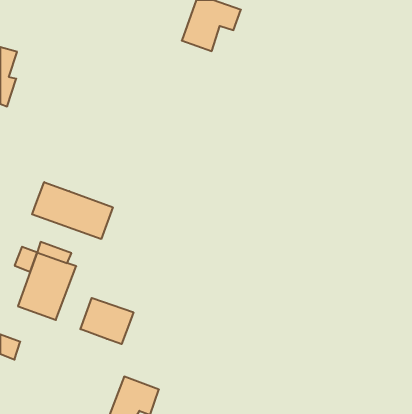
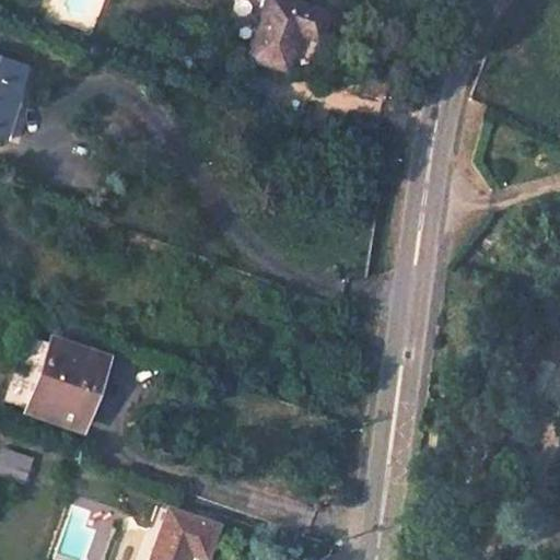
building: [32,182,113,239] -> none
building: [80,298,133,344] -> none

